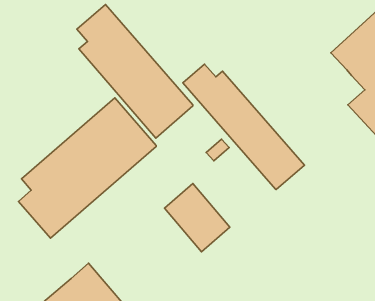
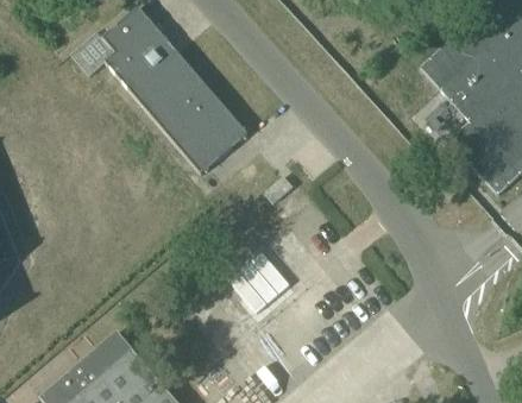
building: [183,64,305,190] -> none
building: [19,98,156,238] -> none

